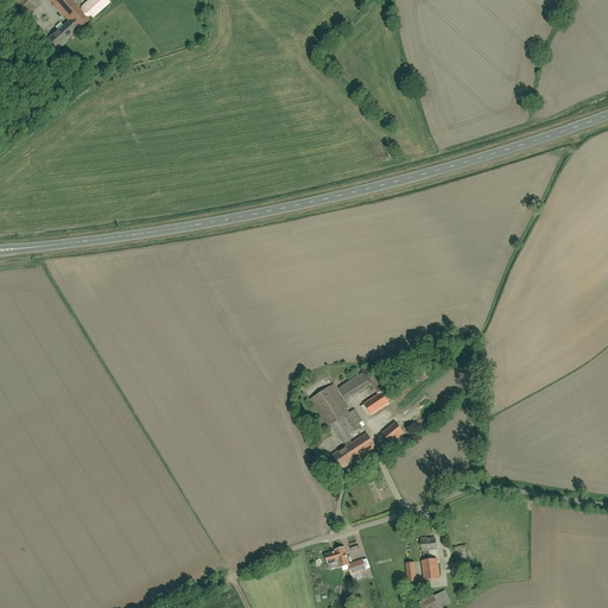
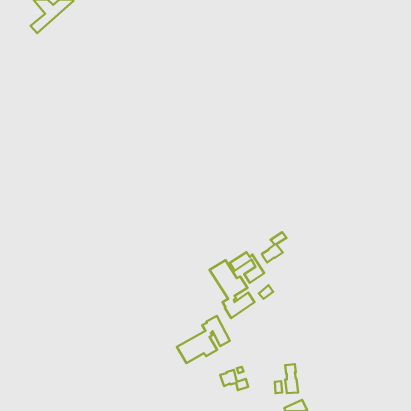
building: none -> [262,232,286,263]
building: none -> [177,316,230,363]

